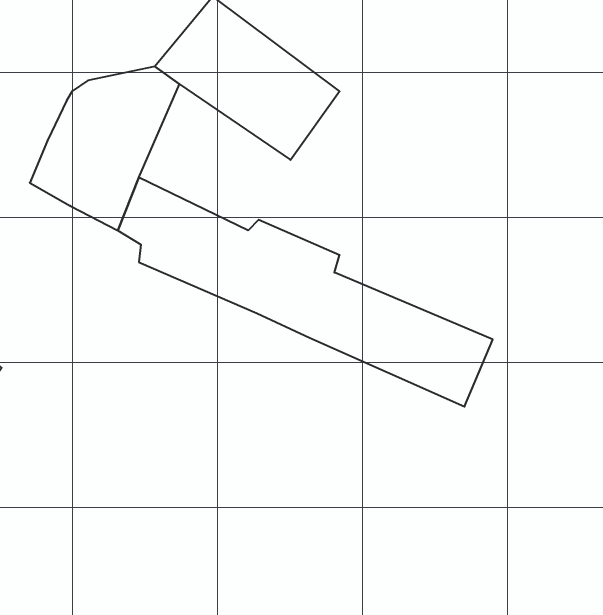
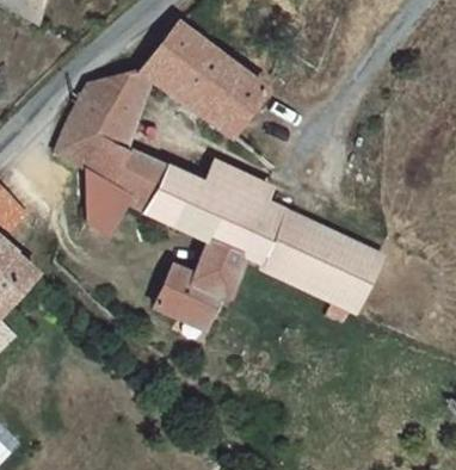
building: none -> [82,165,130,233]
building: none -> [156,237,245,320]

